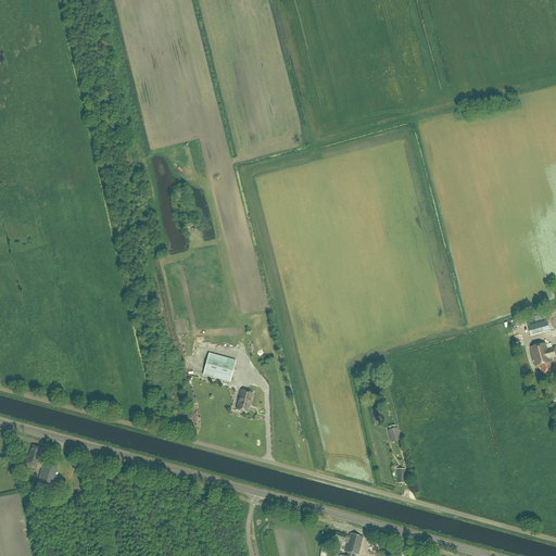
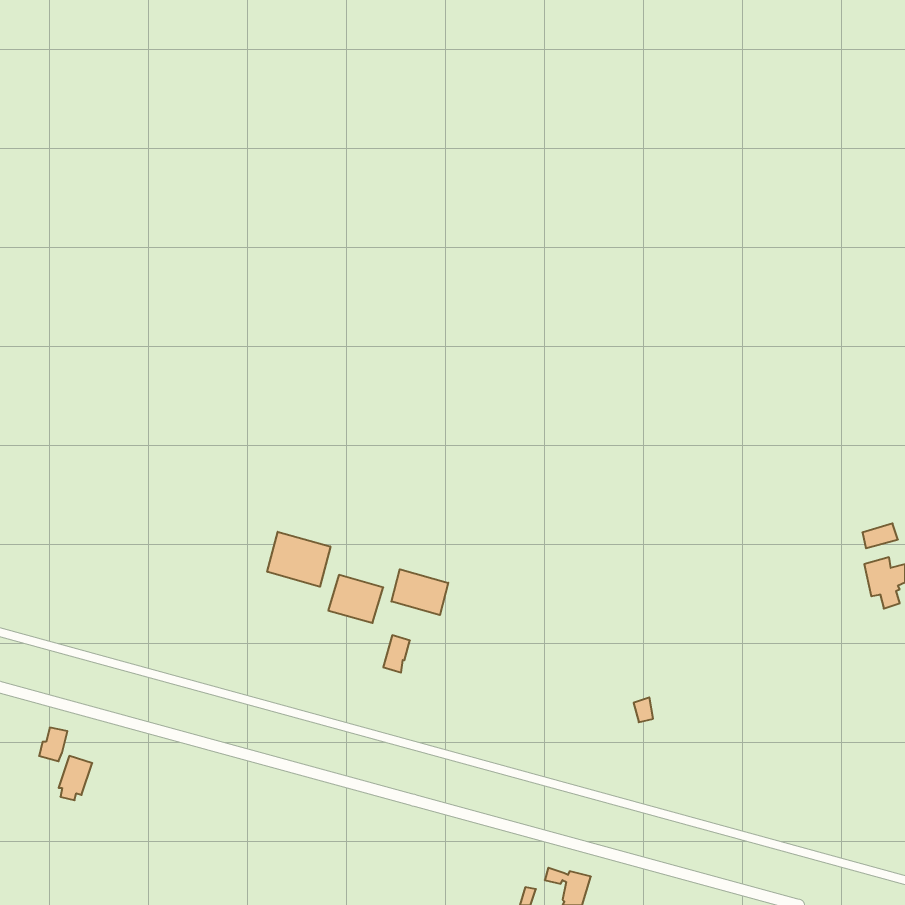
building: none -> [267,532,330,587]
building: none -> [391,569,448,615]

